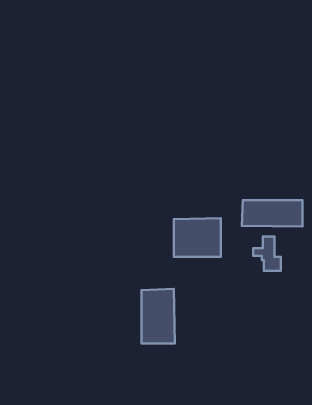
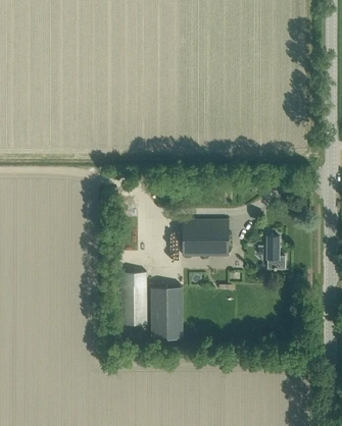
building: [242,200,303,227] -> none
building: none -> [119,272,146,325]

